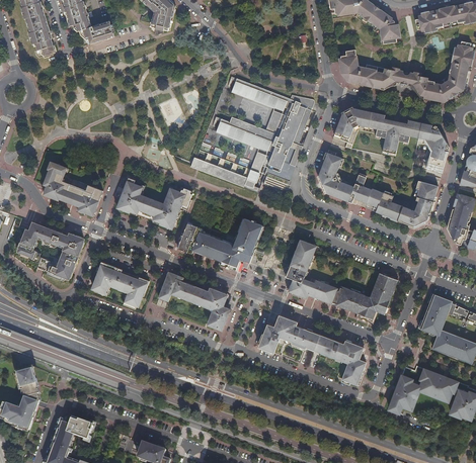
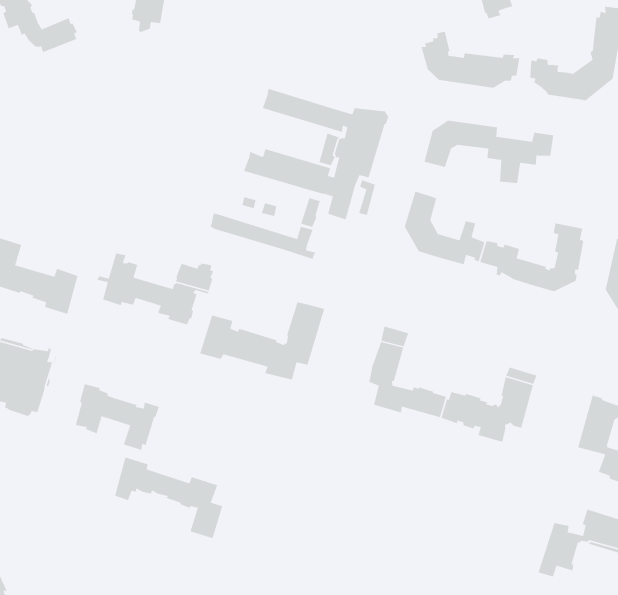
building: [417,122,448,170] -> none
building: [158,271,229,330] -> [114,457,223,539]
building: [258,313,366,383] -> none

